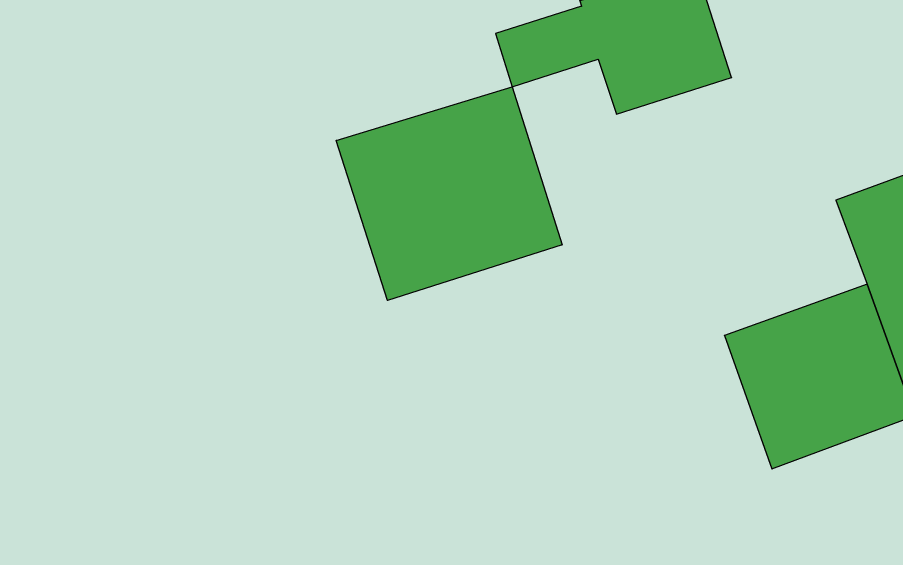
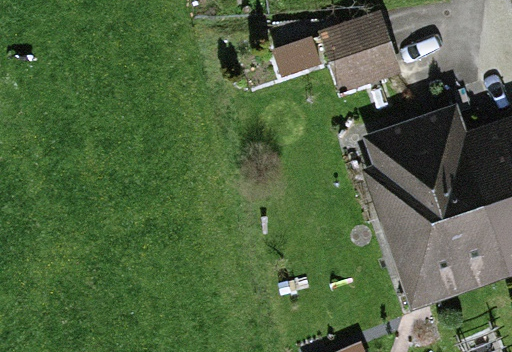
building: [336,87,562,300] -> none
building: none -> [371,114,475,212]

